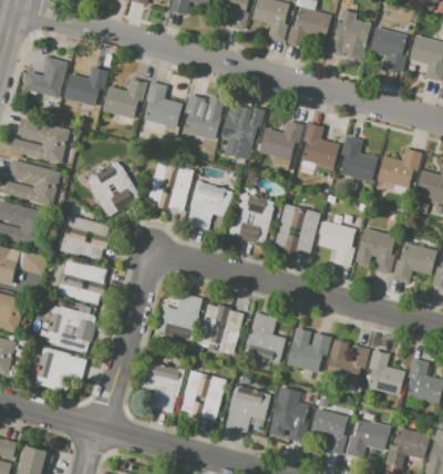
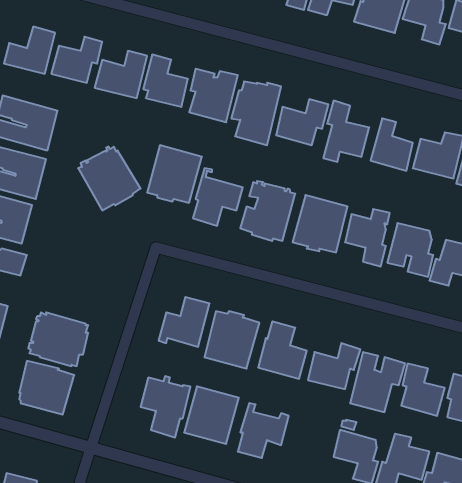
building: [60,215,111,261] -> none
building: [56,258,107,308] -> none
building: [271,396,309,443] -> none

